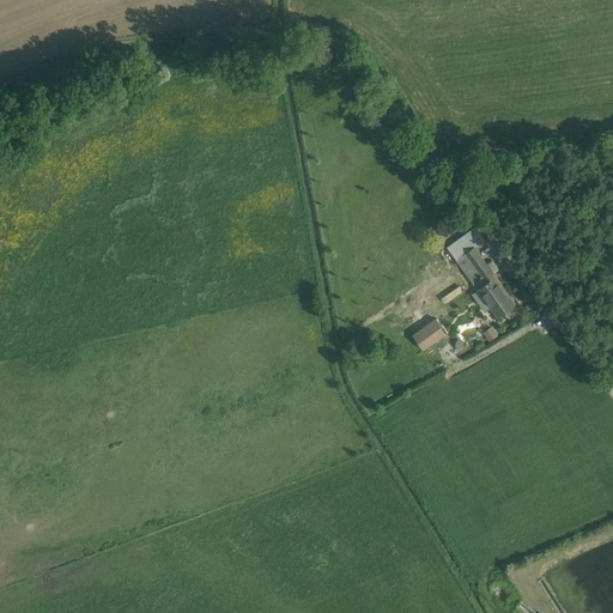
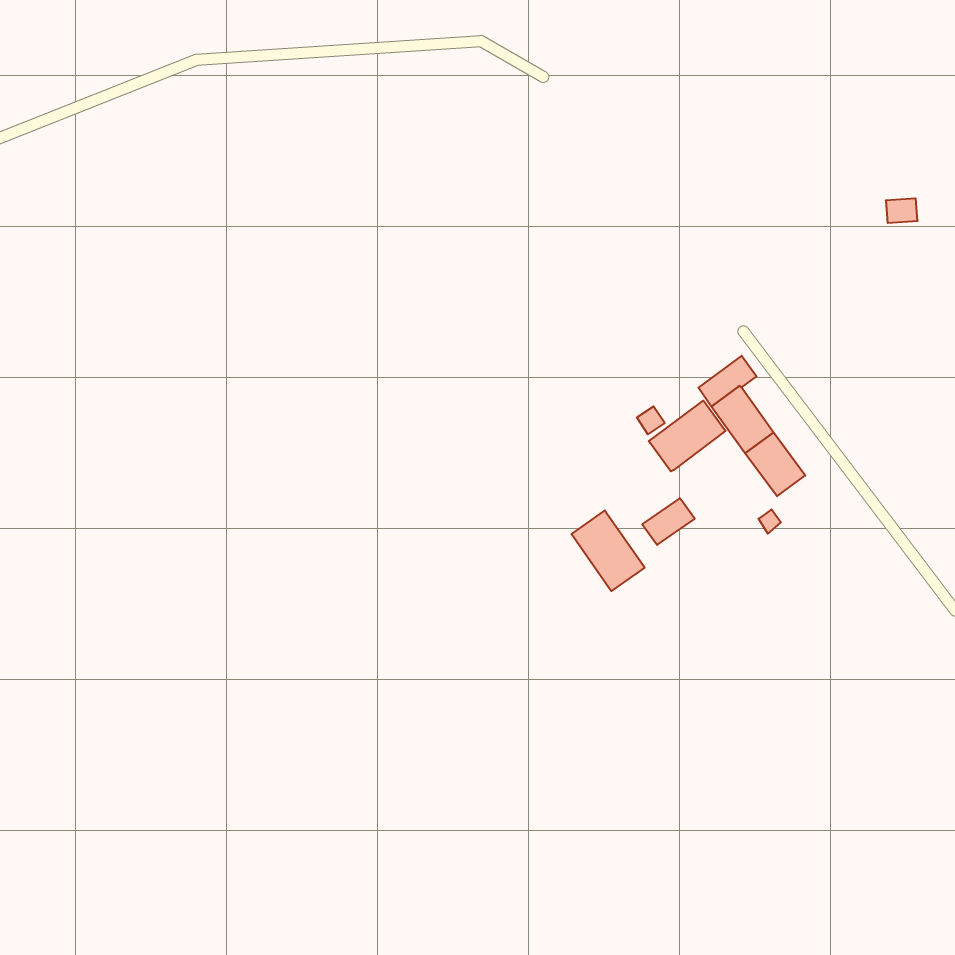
building: none -> [649,401,726,471]
building: none -> [571,510,645,591]

